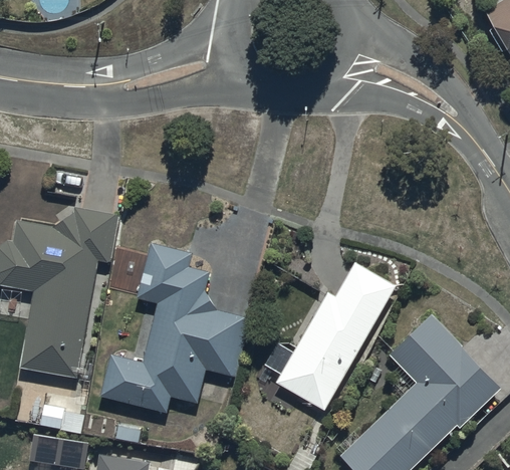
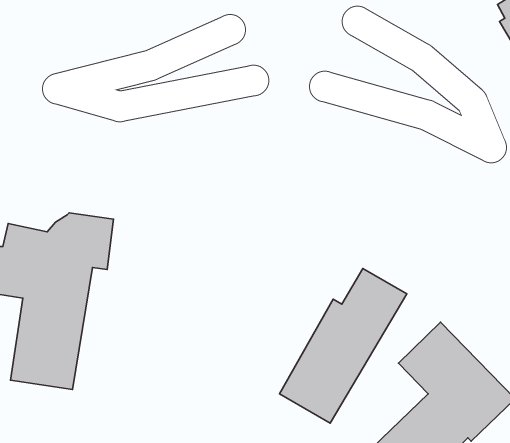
building: [99,242,252,414] -> none

